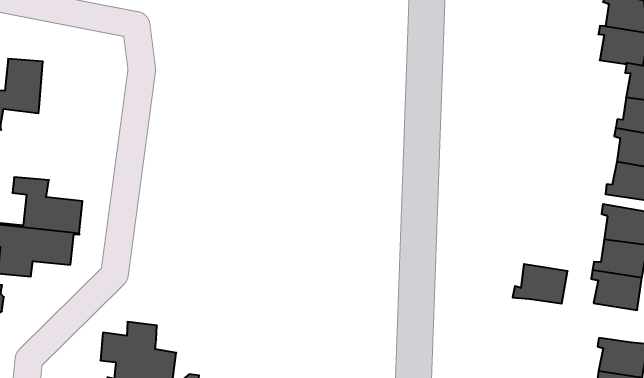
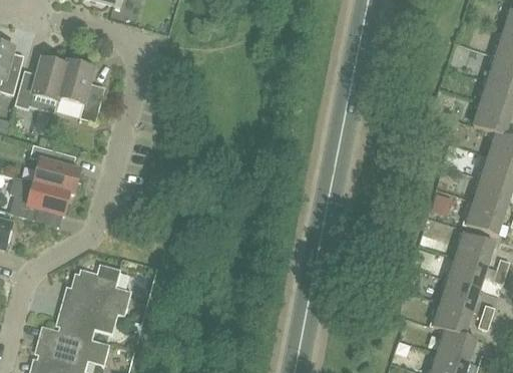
building: none -> [59,61,103,122]
building: [513,264,568,304] -> [429,303,472,336]

